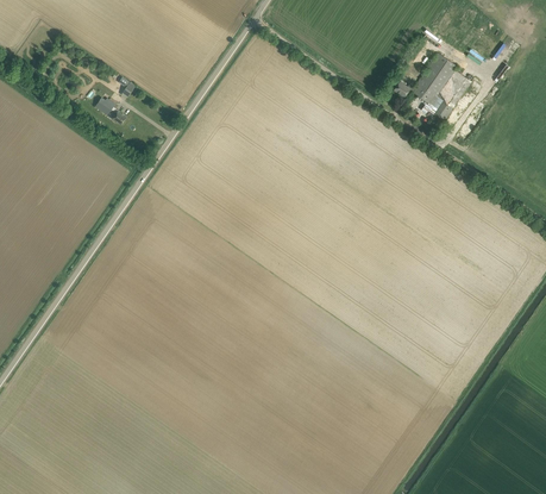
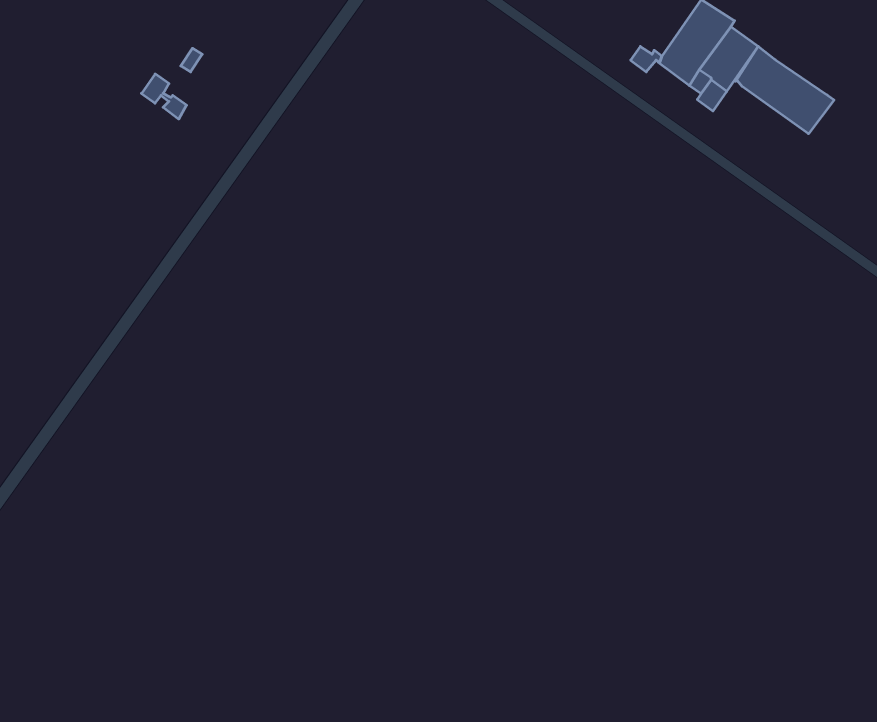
building: none -> [735,46,834,134]

